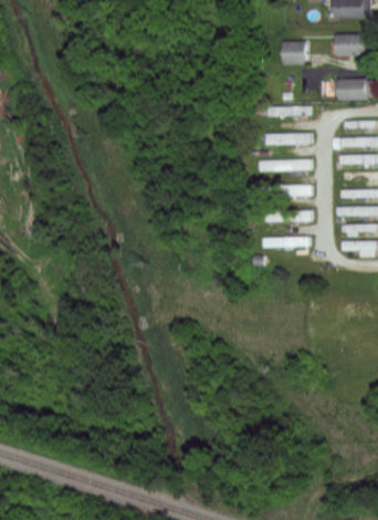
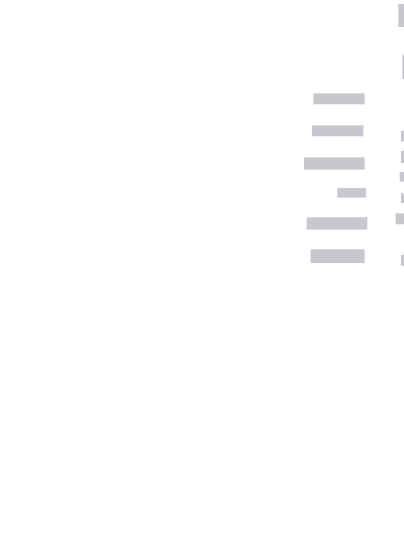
building: [280,41,305,64] -> none

